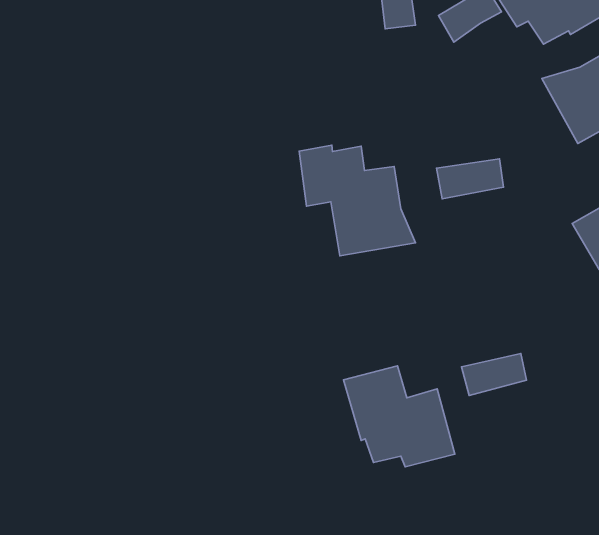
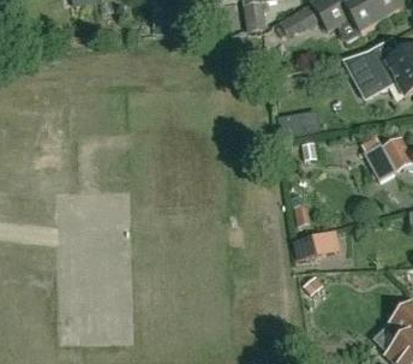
building: [299,145,415,256] -> none
building: [344,366,455,467] -> none

